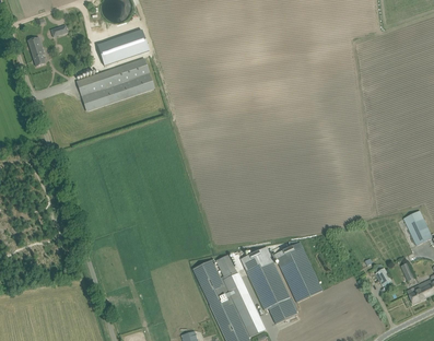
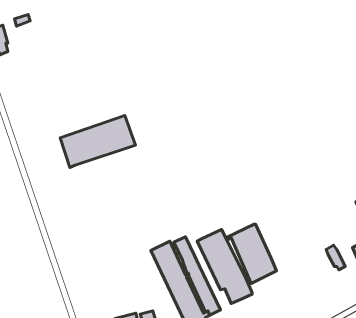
building: [98,28,150,64] -> none
building: [78,57,155,110] -> [60,115,135,167]

